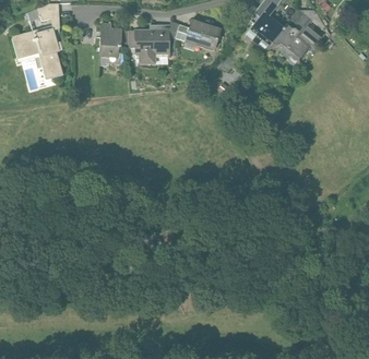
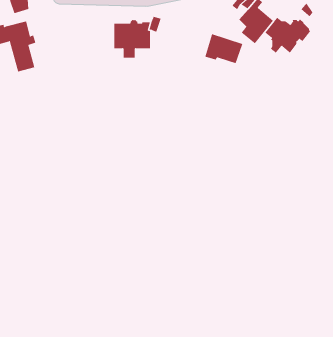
building: [184,20,221,48] -> [205,33,243,64]
building: [100,24,121,51] -> none

